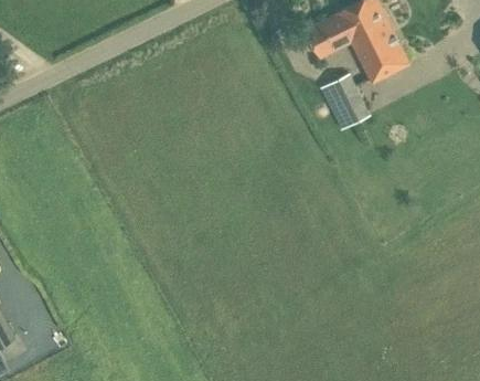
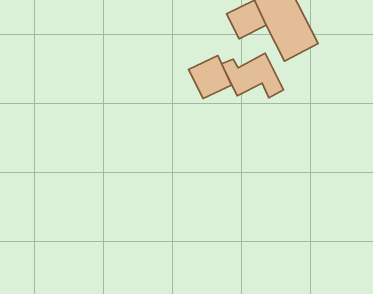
building: none -> [189,55,232,98]

